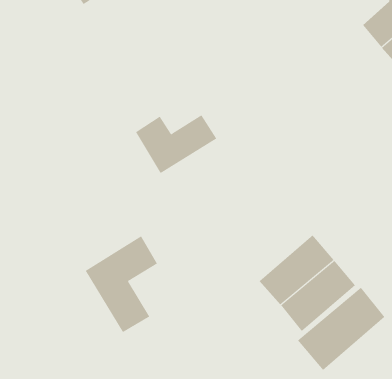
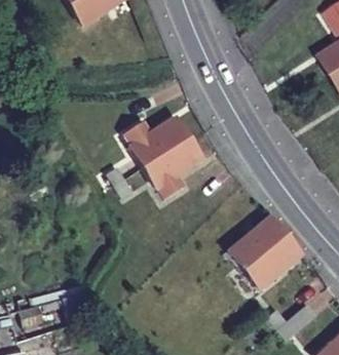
building: [85,236,158,333] -> [145,137,204,216]
building: [297,287,385,371] -> none

